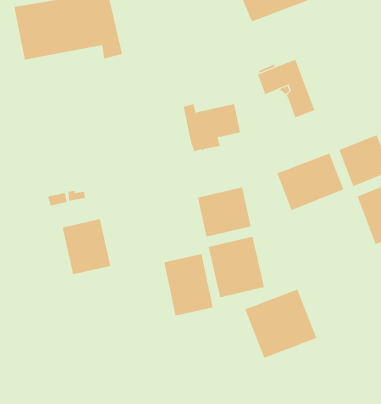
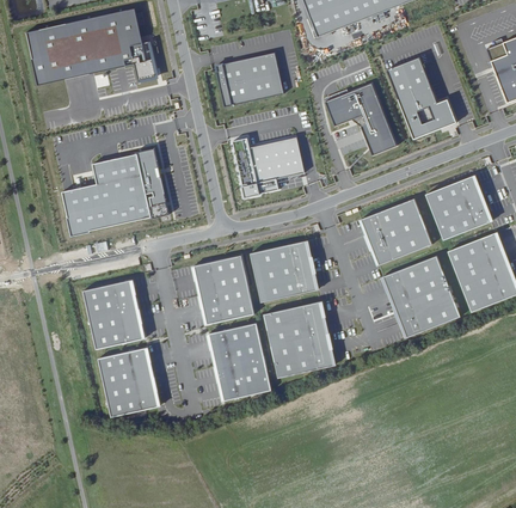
building: none -> [216,51,284,106]
building: none -> [387,56,456,139]
building: none -> [61,148,168,235]
building: none -> [194,253,254,323]
building: none -> [98,345,159,416]
building: [245,289,317,358] -> [371,255,461,341]

